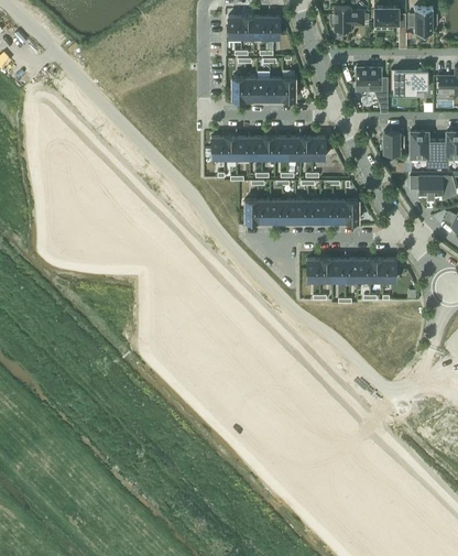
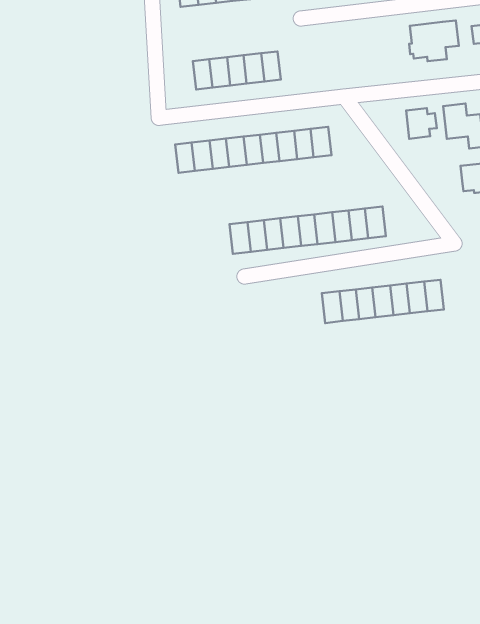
building: [356,69,388,109] -> none

